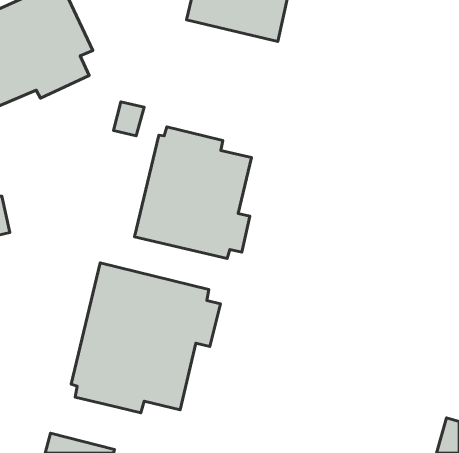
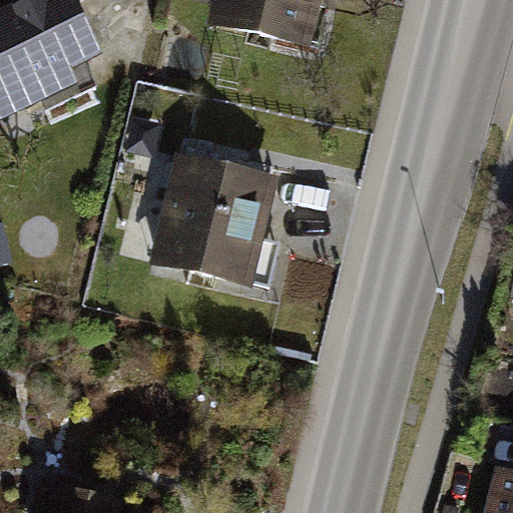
building: [71,263,220,413] -> none

